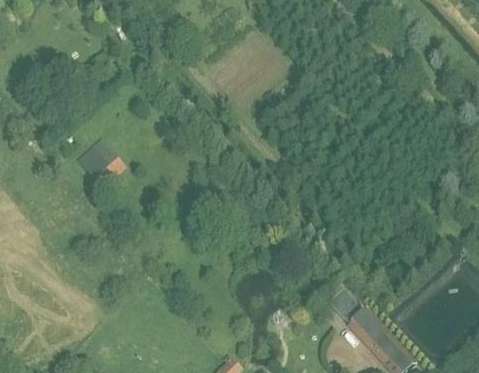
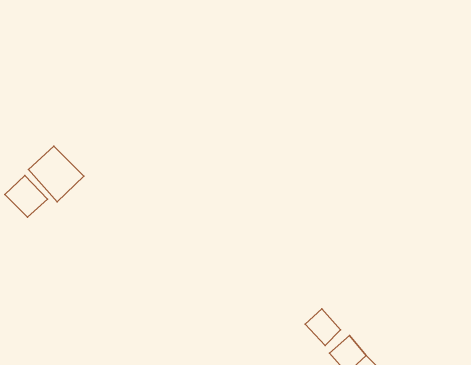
building: none -> [5,175,47,217]

